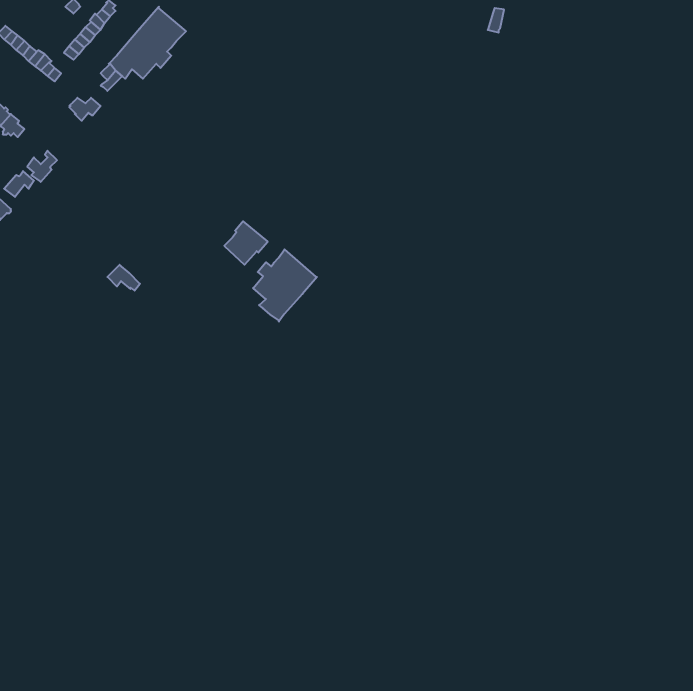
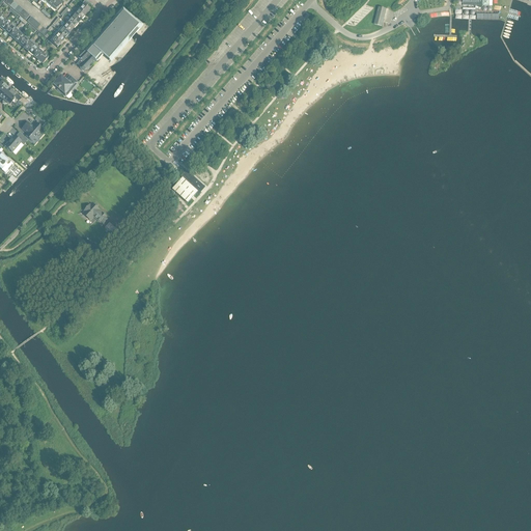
building: [253,249,317,322] -> none

